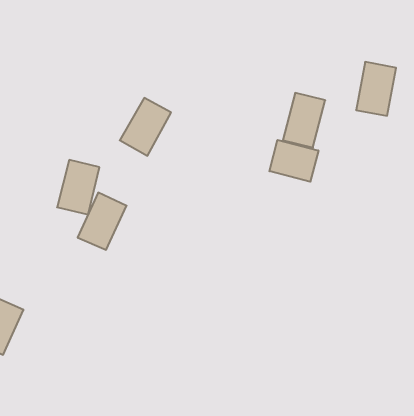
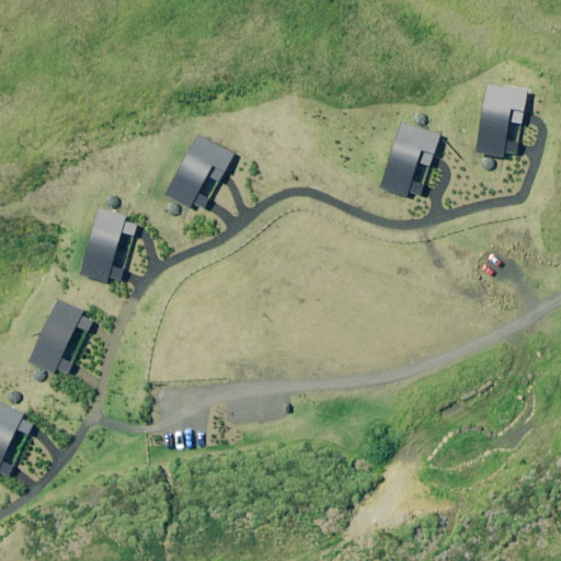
building: [269,140,318,182] -> none
building: [78,193,127,250] -> [27,295,93,371]

